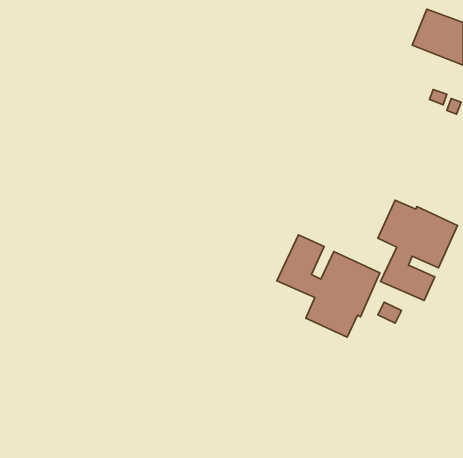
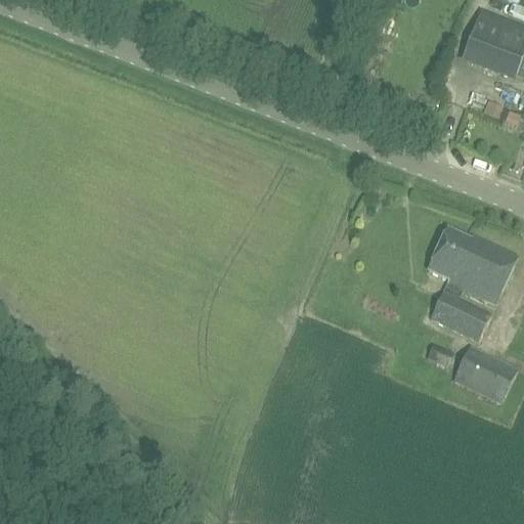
building: [277,235,380,337] -> none
building: none -> [453,344,518,401]

